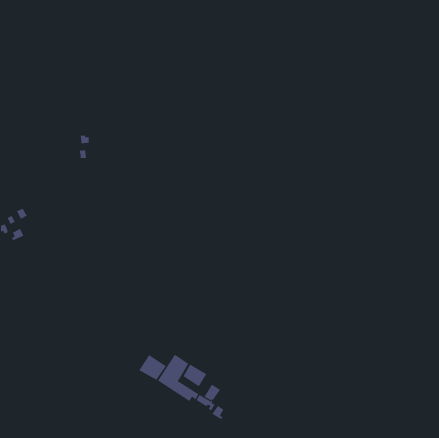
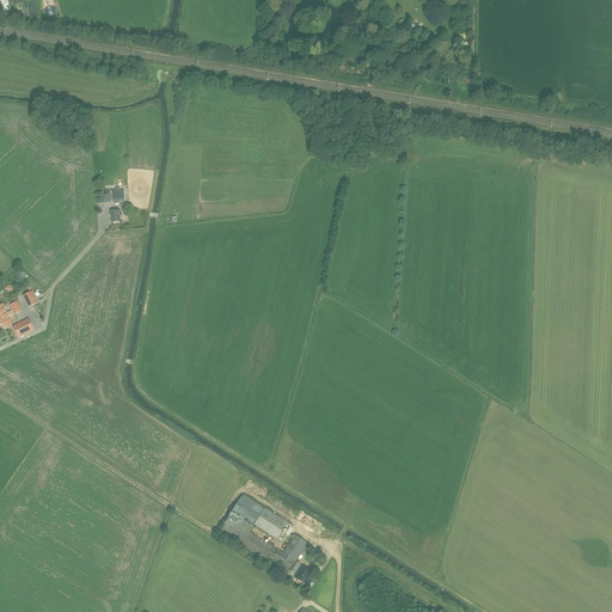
building: [139,354,167,380] -> none

